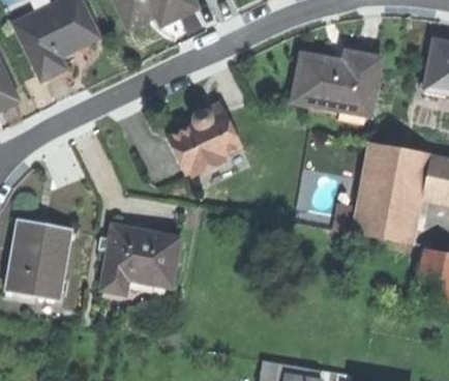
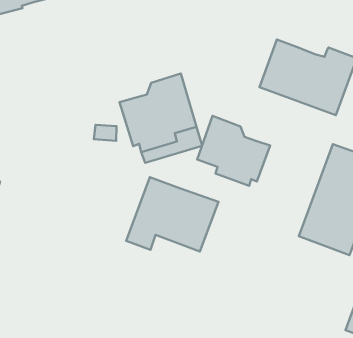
building: none -> [197,116,270,186]
building: [103,227,182,293] -> [126,177,219,252]

